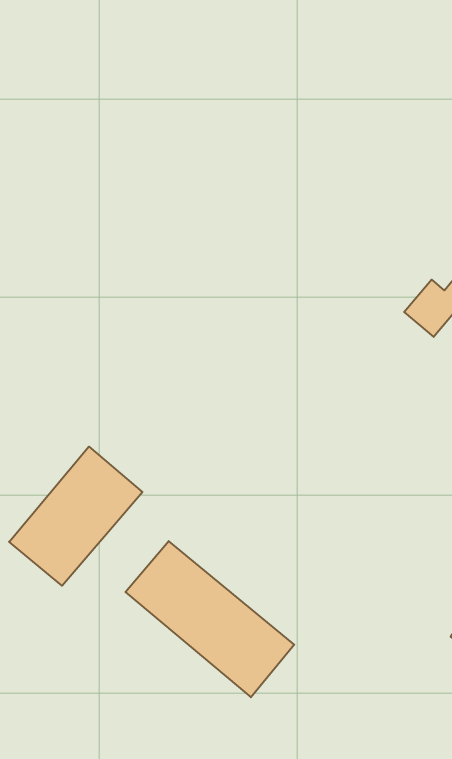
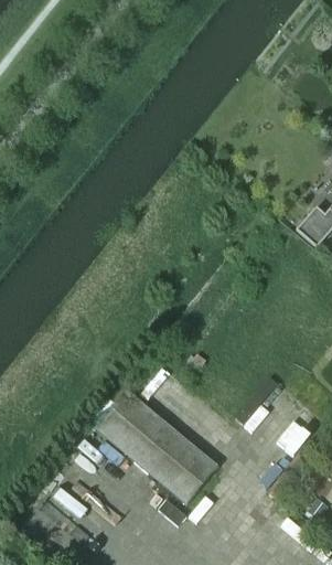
building: [9,447,142,586] -> none

